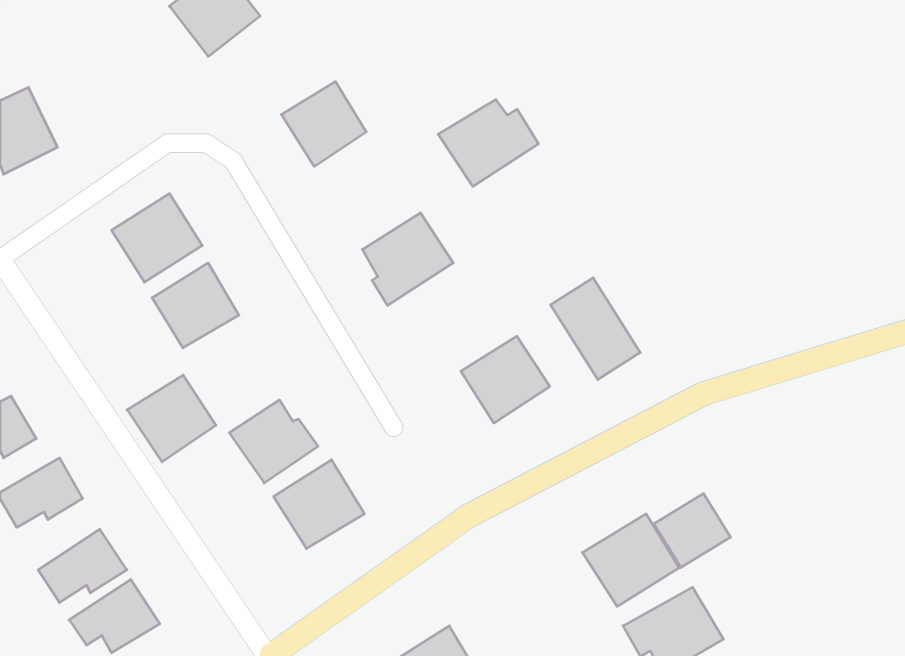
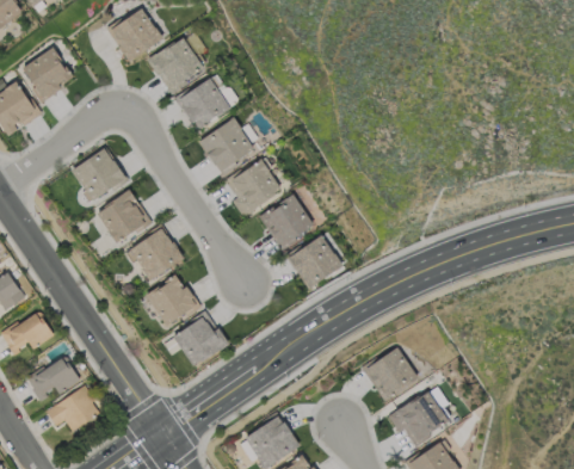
building: none -> [148,36,205,92]
building: none -> [23,48,73,99]
building: [438,100,538,186] -> [198,118,260,172]
building: none -> [259,193,315,249]
building: [551,278,640,380] -> none
building: [127,375,216,462] -> [129,227,184,280]
building: [654,494,731,568] -> none

